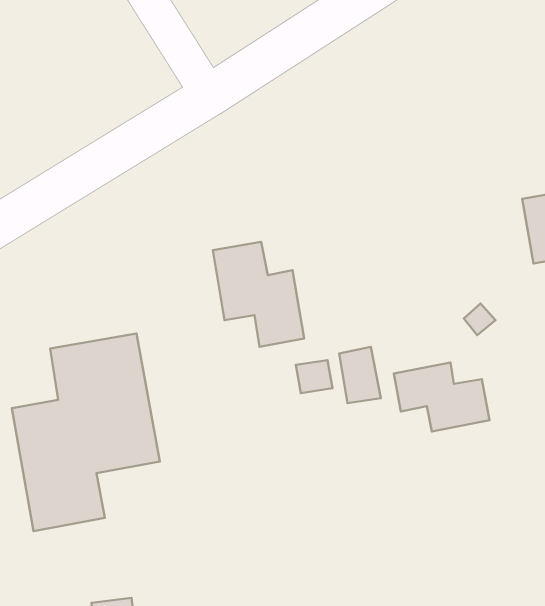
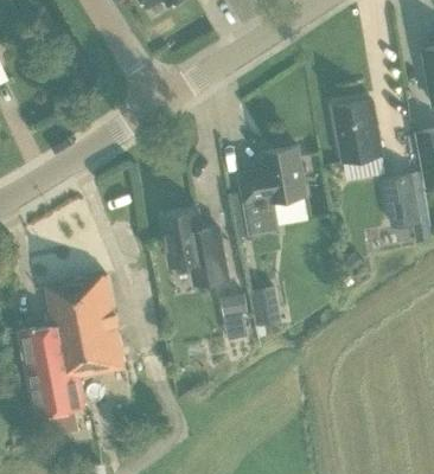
building: none -> [334,101,382,162]
building: none -> [240,147,307,236]
building: [394,362,490,432] -> none

